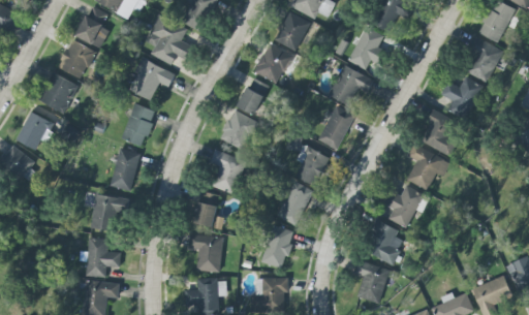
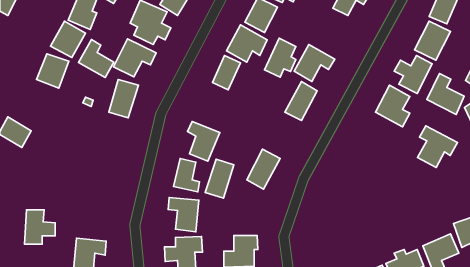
building: [348,26,383,69] -> [264,38,296,77]
building: none -> [79,39,114,78]
building: none -> [427,74,464,114]
building: [219,109,258,151] -> none
building: [15,111,55,150] -> none
building: [406,144,450,190] -> [418,126,457,168]
building: [293,147,330,186] -> none
building: [110,149,141,191] -> none
building: [387,185,424,227] -> none
building: [90,193,128,231] -> none
building: [362,219,404,264] -> none
building: [260,224,292,267] -> [205,159,234,198]
building: [86,238,120,276] -> [25,210,55,244]
building: [353,259,391,304] -> none

